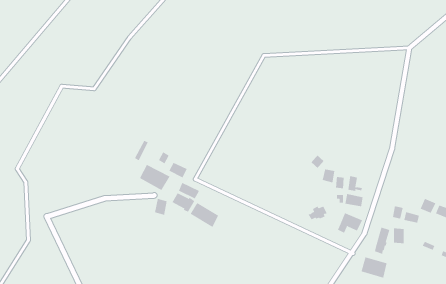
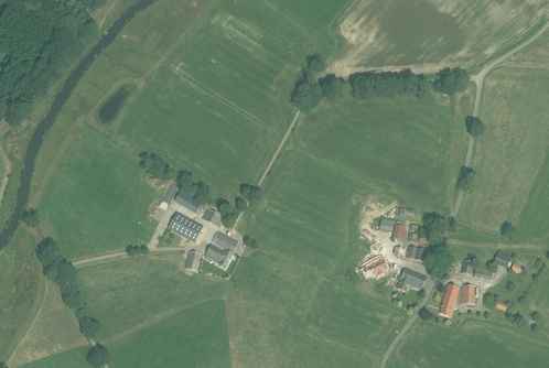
building: [190,202,219,228] -> none
building: [361,257,387,278] -> none

